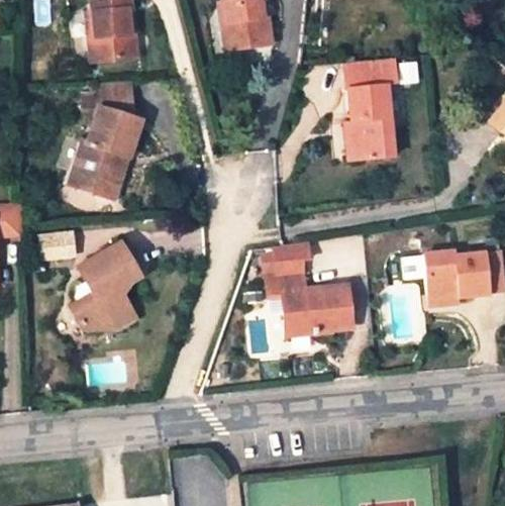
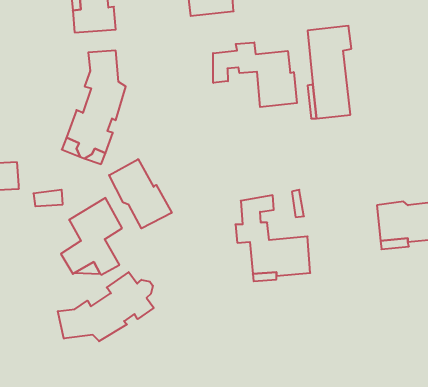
building: none -> [213,42,297,107]
building: none -> [109,159,172,228]
building: none -> [58,272,154,341]

